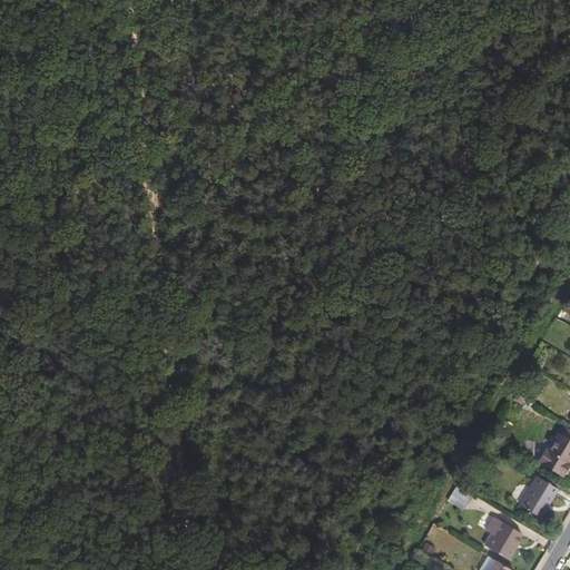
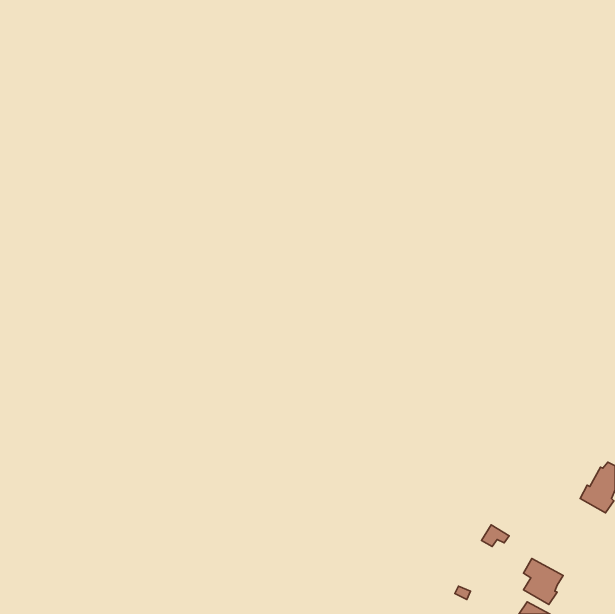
building: [519,476,557,518] -> none

